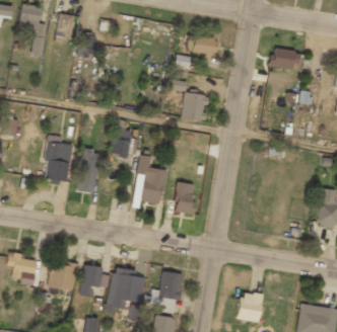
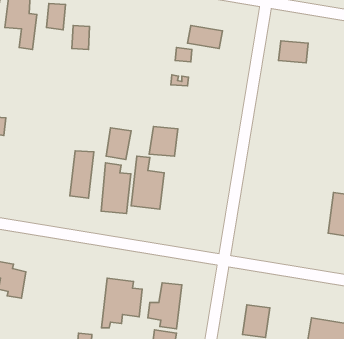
building: [181,93,207,120] -> [149,127,178,156]
building: [44,135,71,181] -> [101,163,131,213]
building: [174,182,195,214] -> none
building: [48,261,78,292] -> none
building: [81,265,109,297] -> none

